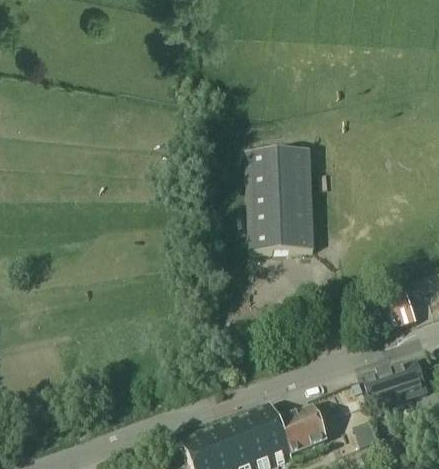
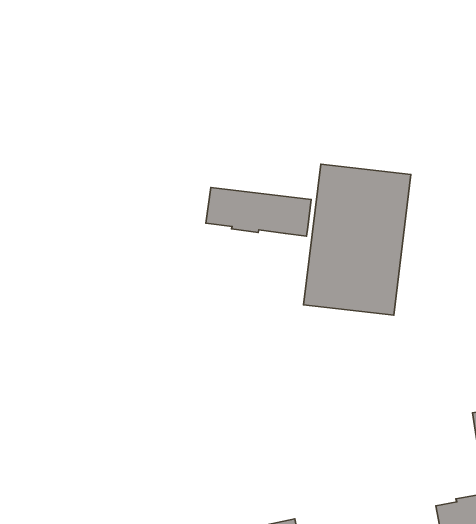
building: none -> [206,187,311,236]

